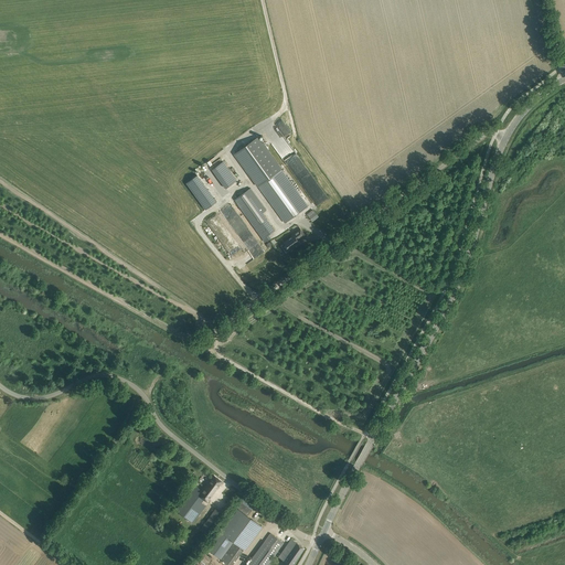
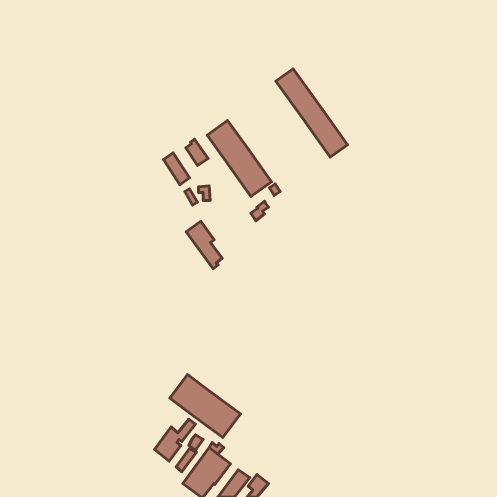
building: none -> [276,69,348,157]
building: [234,188,275,242] -> [186,221,222,269]
building: none -> [170,375,240,438]

